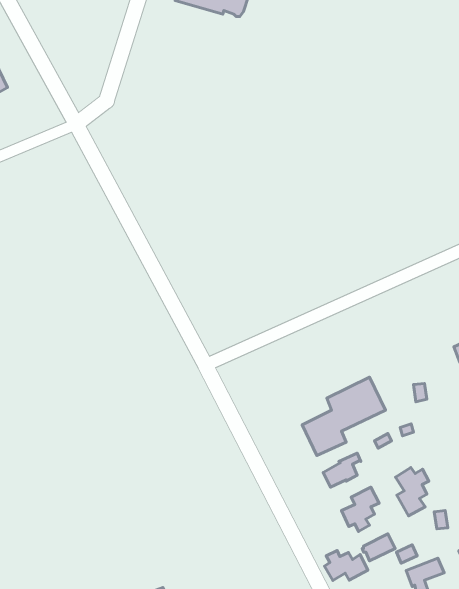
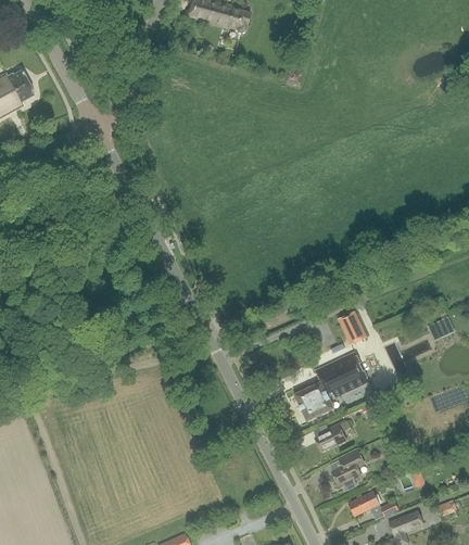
building: none -> [338,310,366,343]
building: [396,468,429,516] -> none
building: [325,550,368,580] -> none

